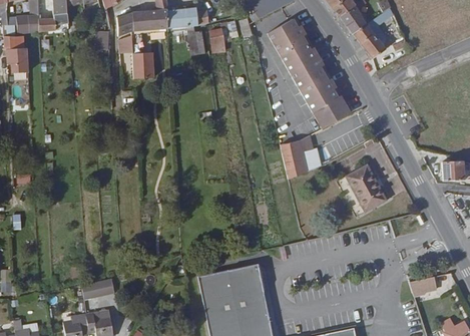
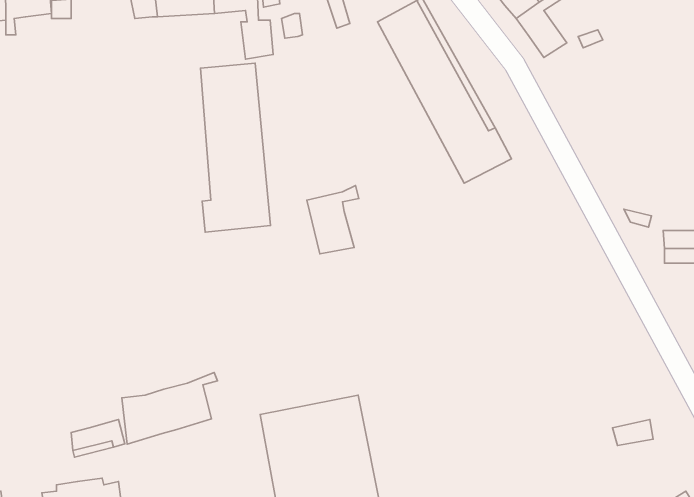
building: [132,44,152,73] -> none
building: none -> [200,63,271,232]
building: [281,138,313,181] -> [307,185,359,254]
building: [345,169,385,216] -> none
building: none -> [122,372,217,444]

